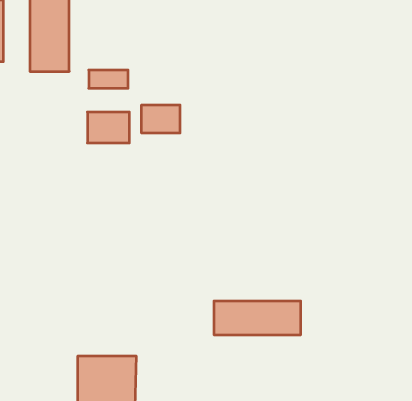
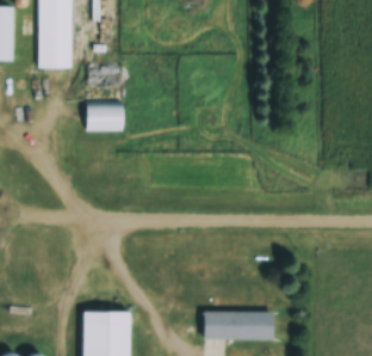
building: [142,105,180,133] -> none
building: [214,301,301,335] -> [200,312,274,340]

